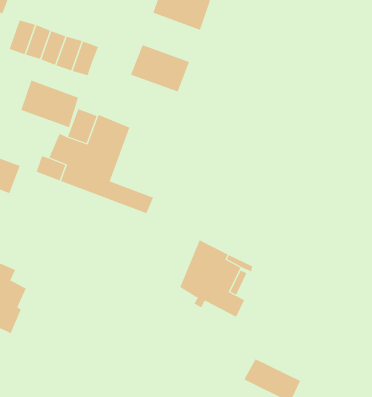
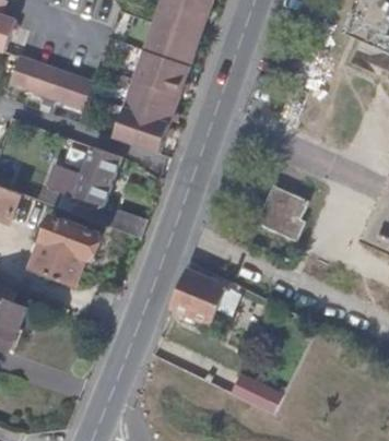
building: none -> [133,50,188,96]
building: [20,80,79,128] -> [113,108,167,153]
building: none -> [252,192,304,240]
building: none -> [33,215,99,284]

